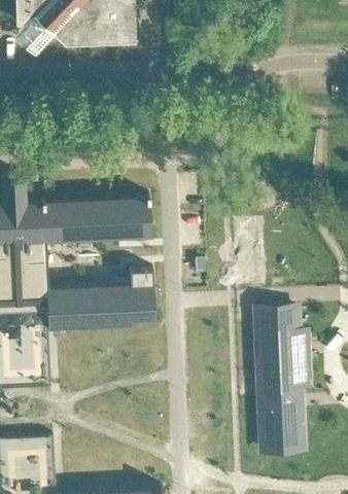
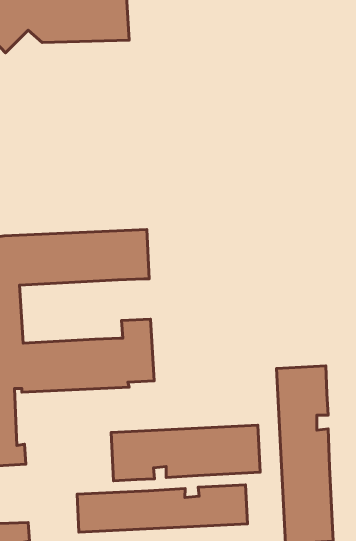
building: none -> [111,425,260,481]
building: none -> [77,485,248,532]

